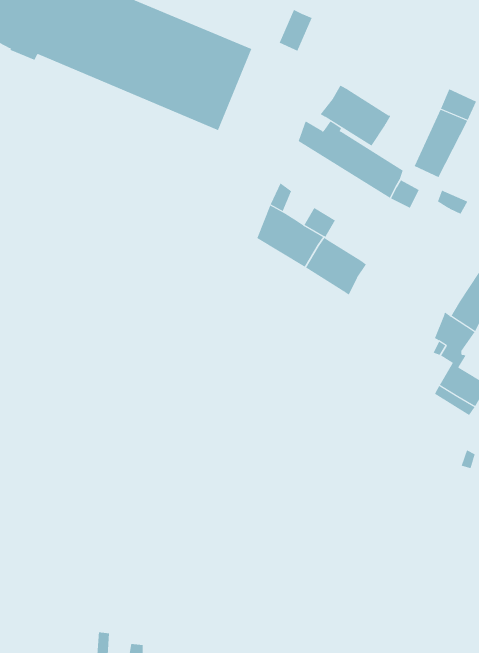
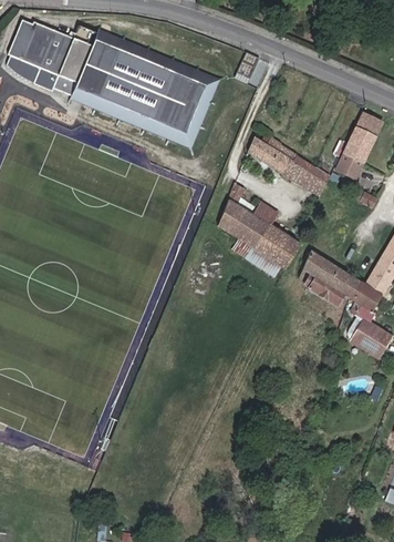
building: [320,85,391,146] -> none
building: none -> [302,250,359,309]

